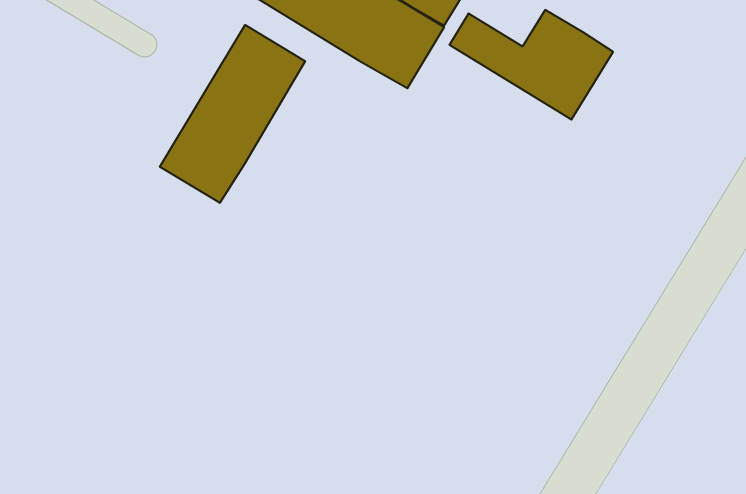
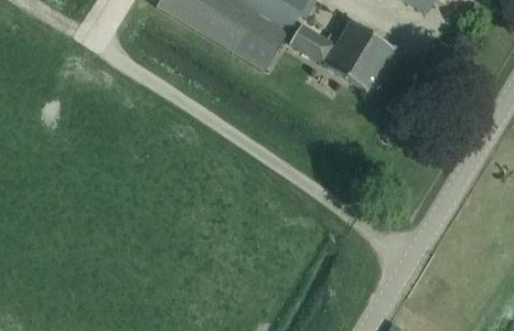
building: [160,25,305,203] -> none

